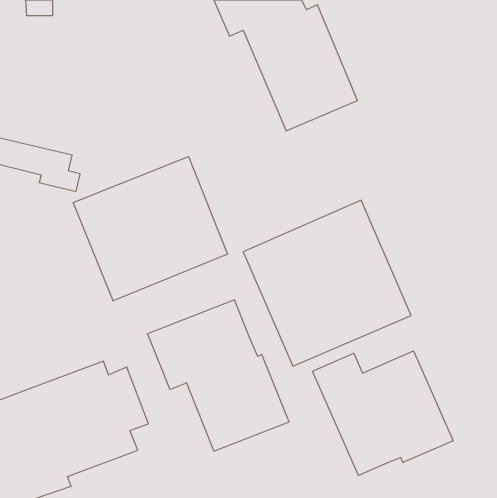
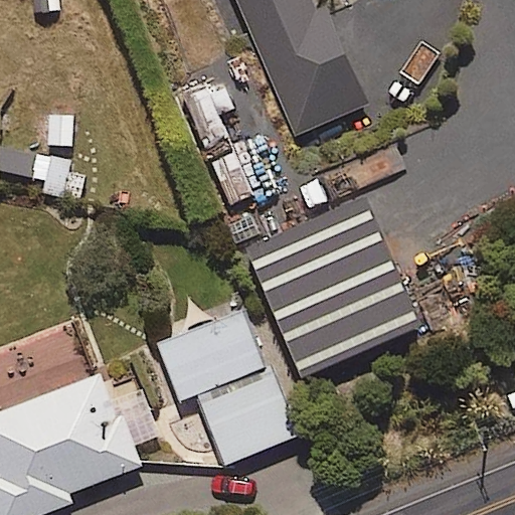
building: [73,157,228,301] -> none
building: [312,351,453,476] -> none

